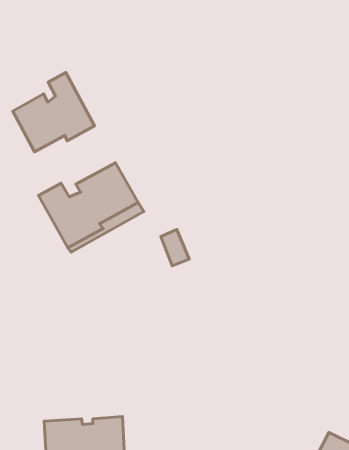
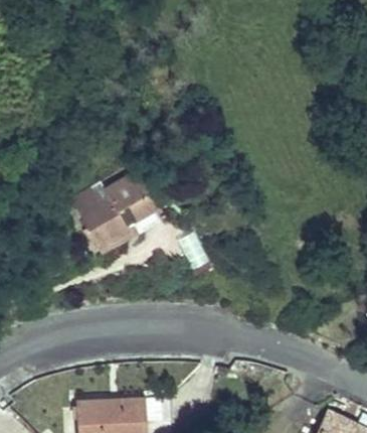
building: [13,72,95,152] -> none

